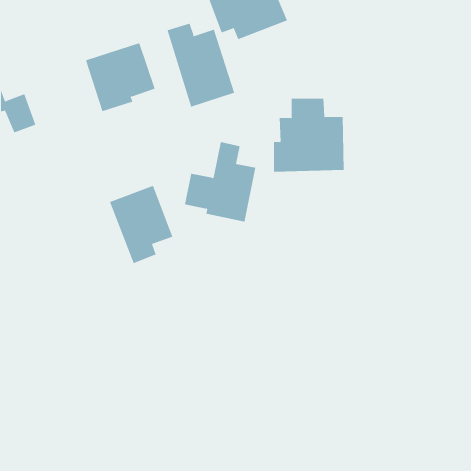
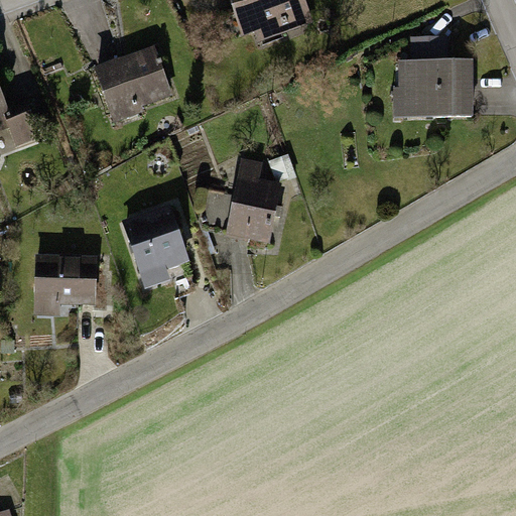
building: [167,23,235,107] -> none
building: [273,98,345,172] -> [394,37,472,118]
building: none -> [33,253,97,314]

